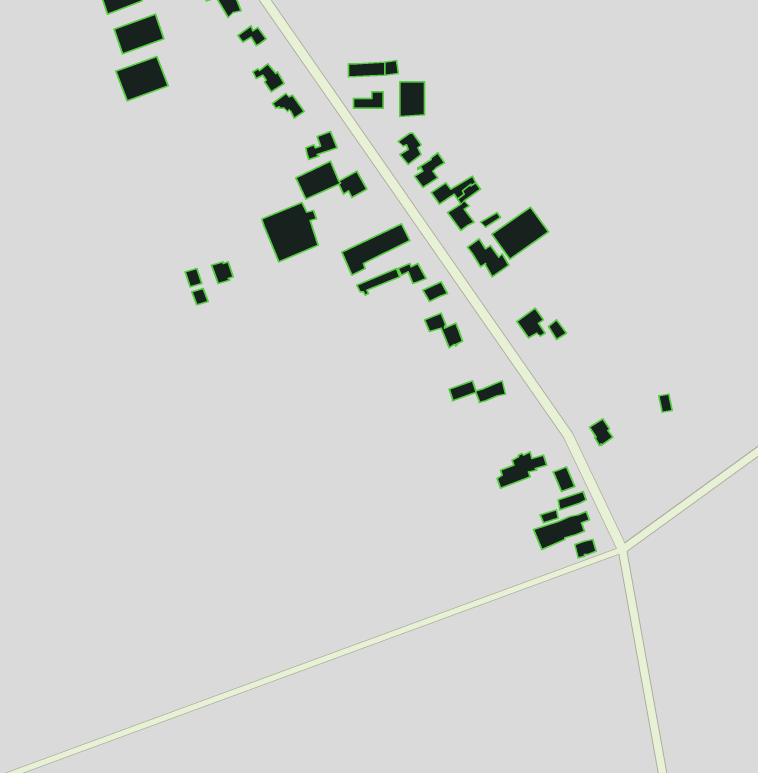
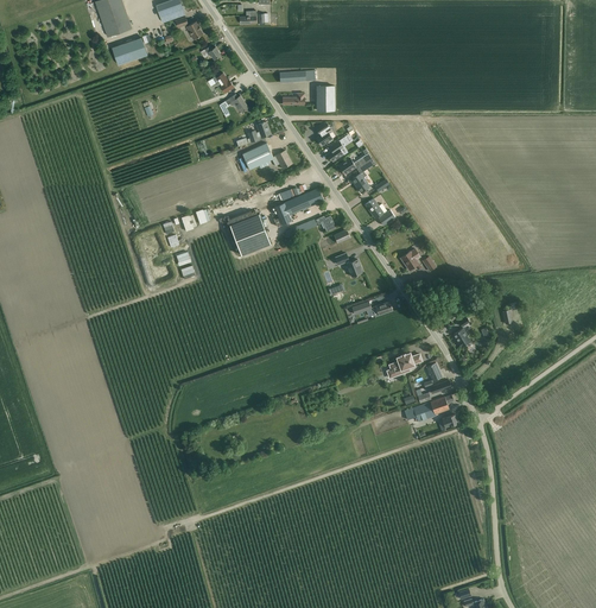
building: [116,56,168,101] -> none
building: [262,202,318,262] -> [230,213,271,255]
building: [492,207,549,259] -> none

